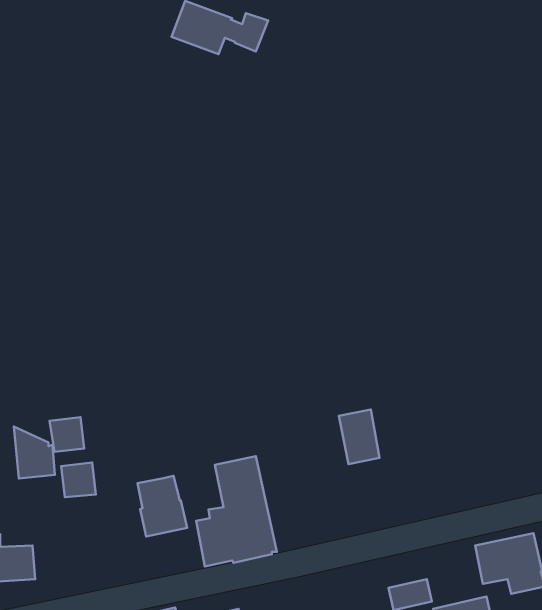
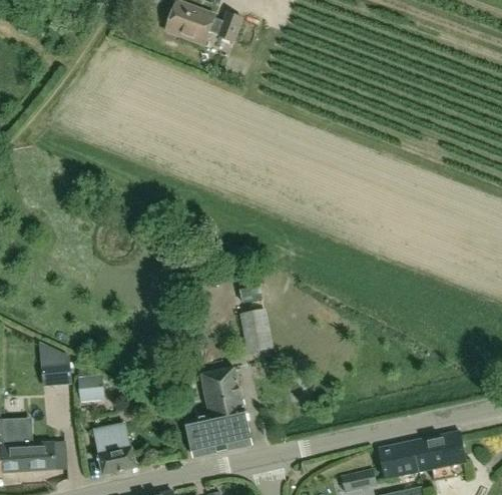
building: [339,409,380,464] -> [239,309,273,353]
building: [50,417,84,452] -> none
building: [138,476,187,537] -> [95,424,135,473]
building: none -> [378,441,417,480]

